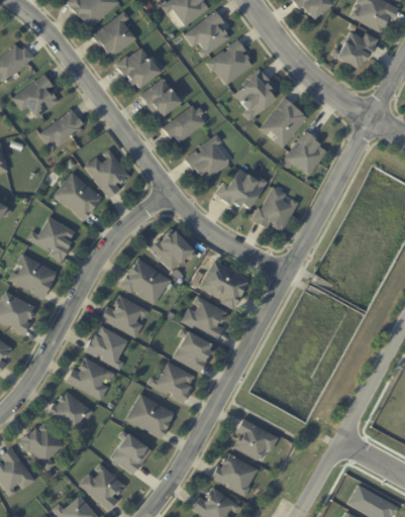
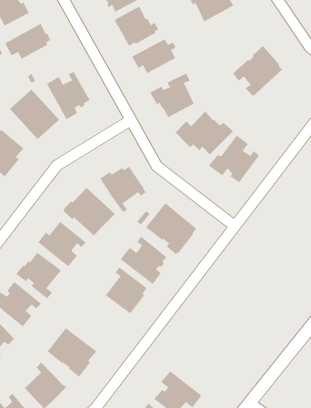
building: [237,68,278,121] -> none
building: [284,130,328,175] -> none
building: [147,361,194,403] -> none

